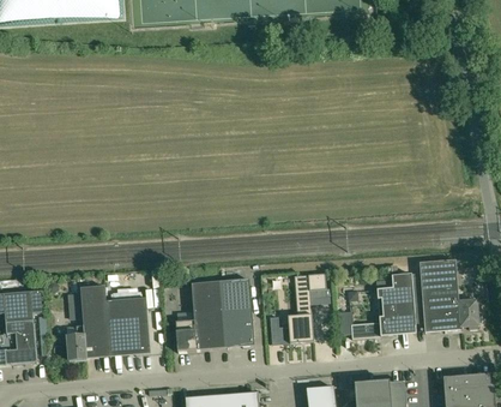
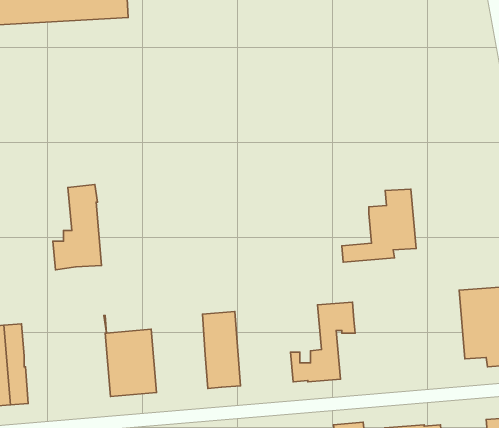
building: [349,273,415,337] -> [342,189,416,262]
building: [219,277,254,346] -> none
building: [66,283,109,359] -> [53,185,101,270]
building: [175,318,195,349] -> none

